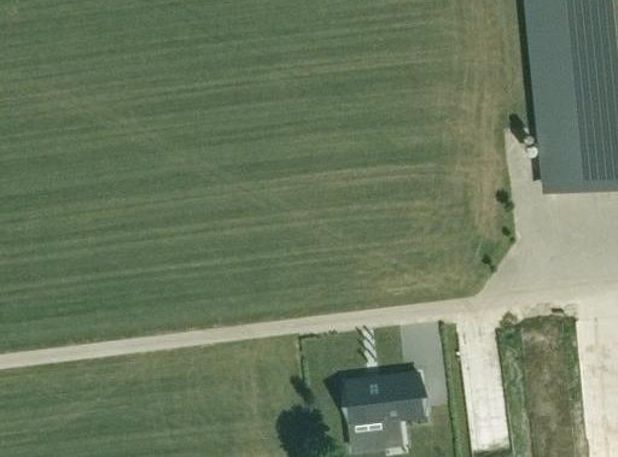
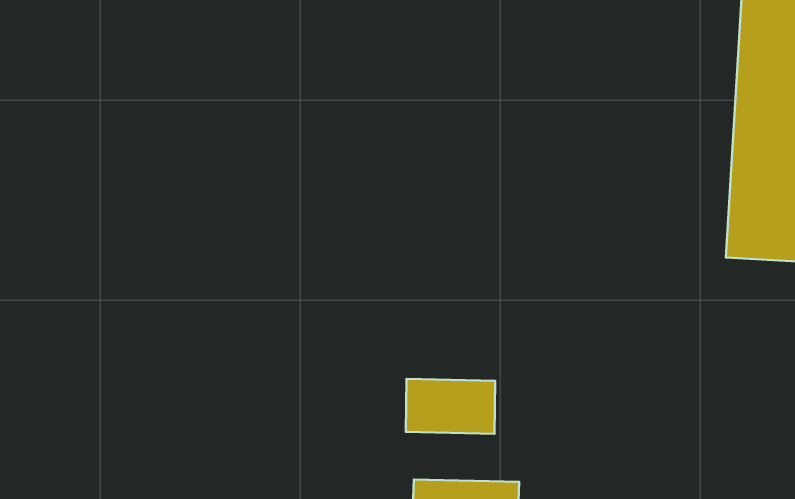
building: none -> [406,379,495,434]

